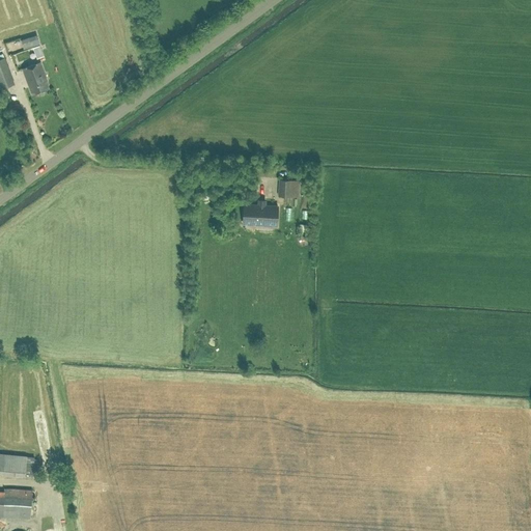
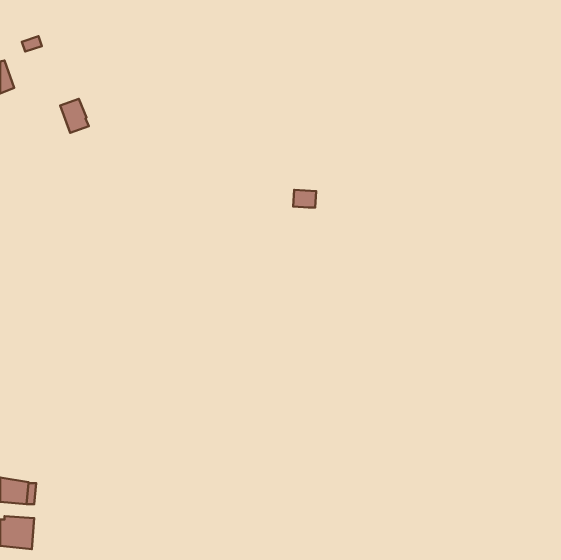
building: [22,63,49,95] -> [60,99,89,133]
building: [243,205,277,226] -> none

